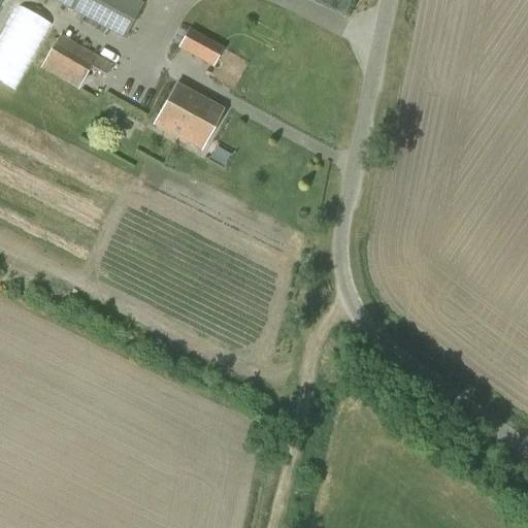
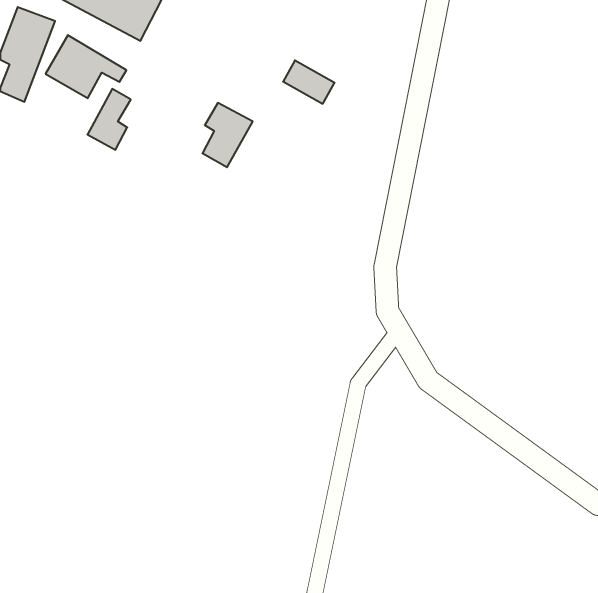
building: [177,26,223,64] -> [283,60,335,104]
building: [154,81,192,135] -> [87,89,131,150]

